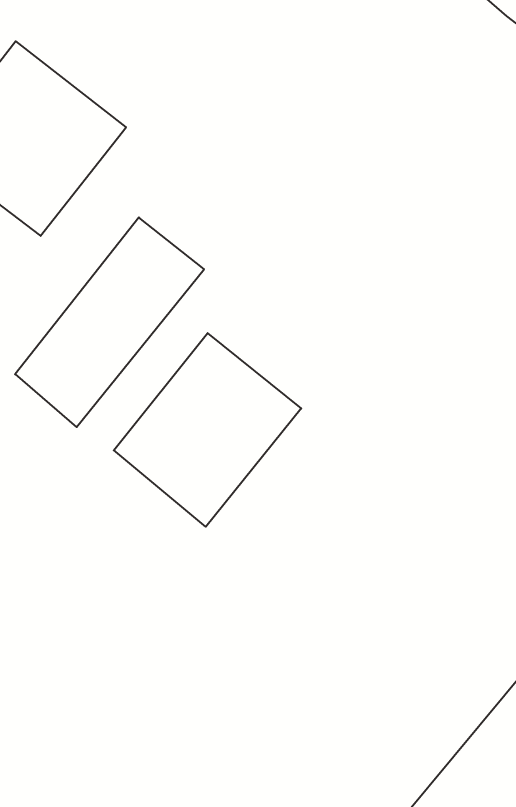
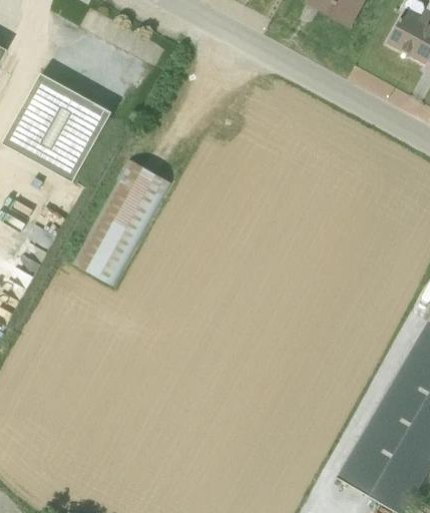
building: [114,333,301,527] -> none

